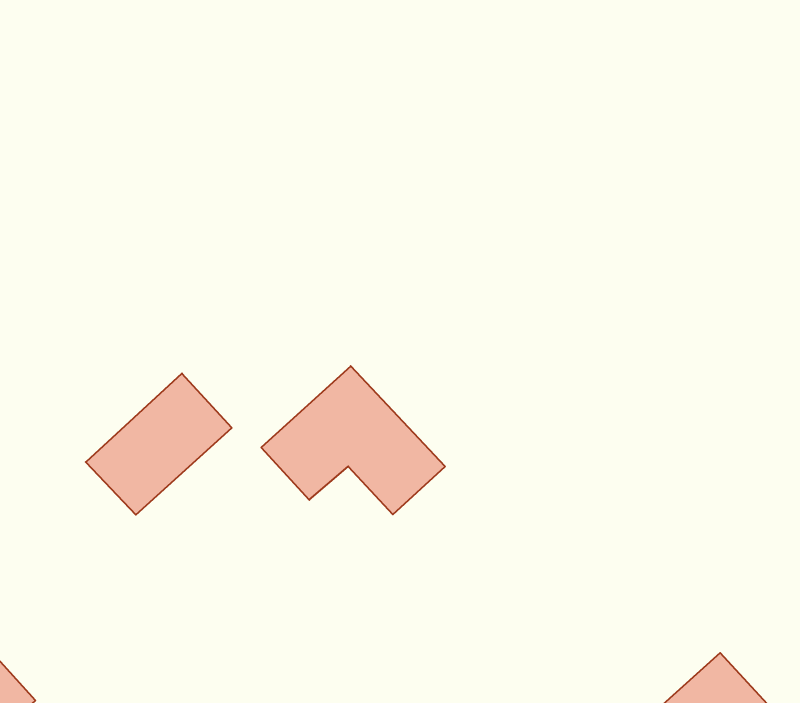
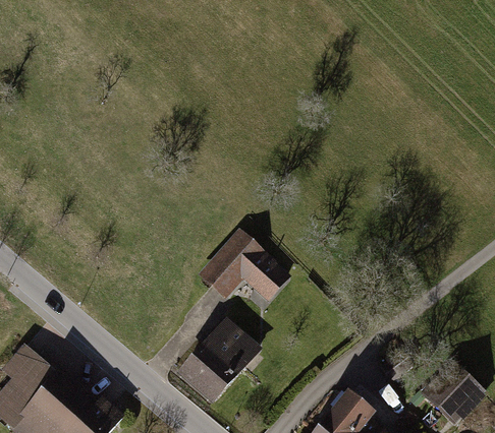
building: [86,373,232,515] -> [181,324,255,399]

